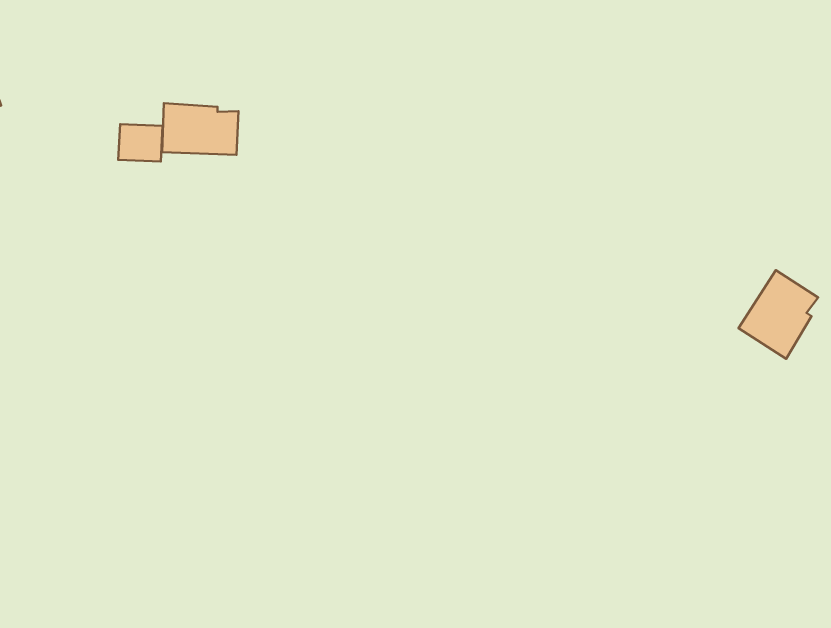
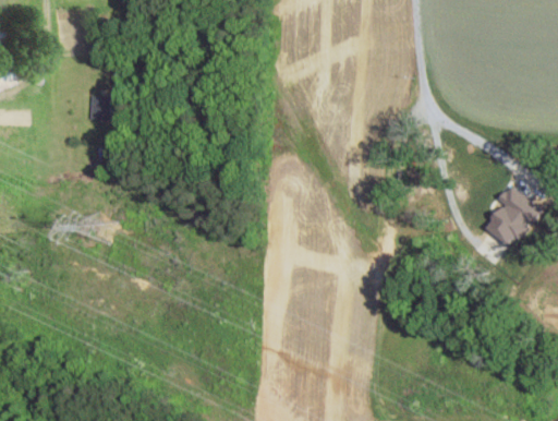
building: [162,103,238,155] -> none

